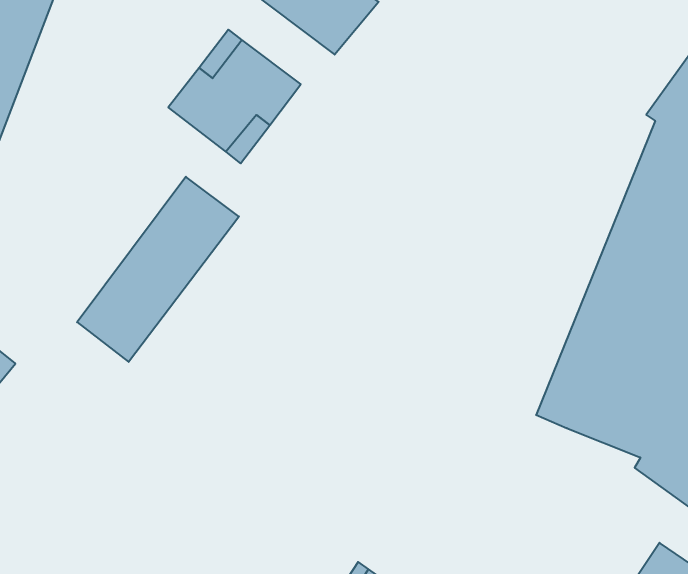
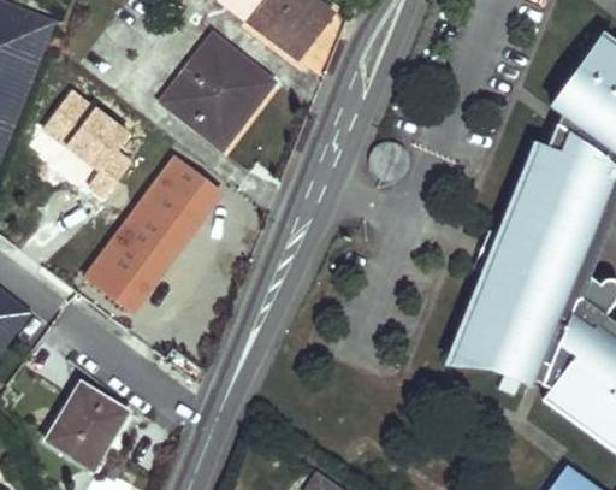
building: none -> [40,90,135,200]
building: none -> [446,146,543,364]
building: none -> [46,383,128,467]

